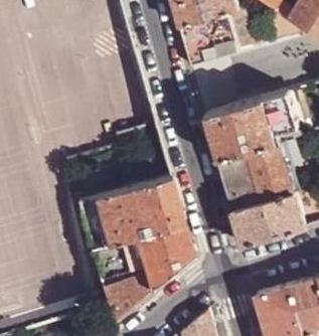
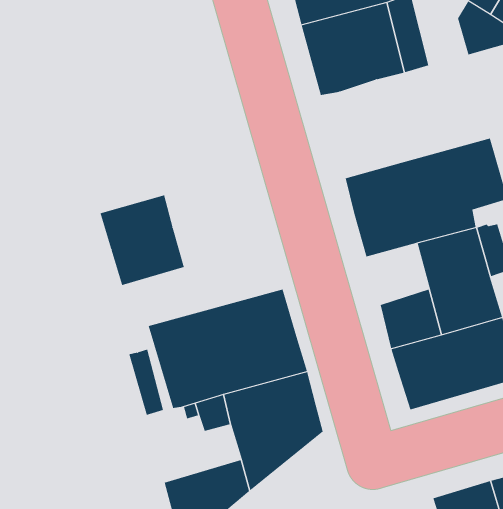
building: none -> [100,195,184,286]
building: [215,150,252,185] -> none

